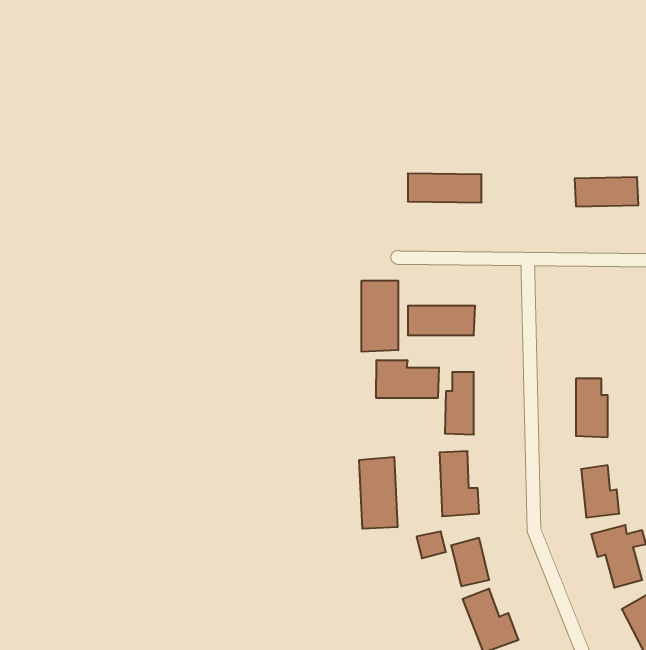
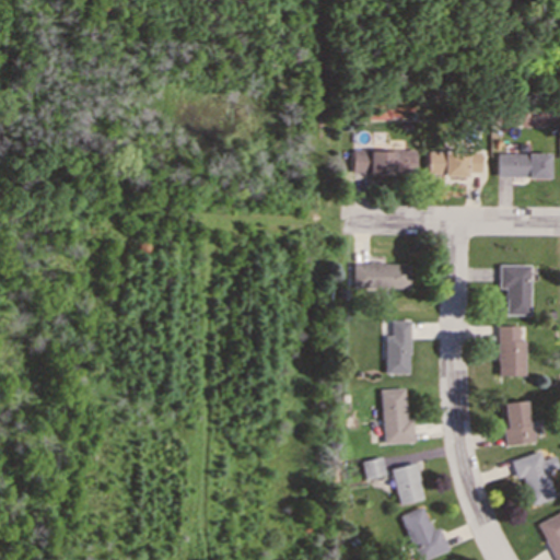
building: none -> [430,151,483,176]
building: [362,281,398,352] -> none
building: none -> [500,265,532,315]
building: [376,360,439,398] -> none
building: [359,457,397,529] -> none

